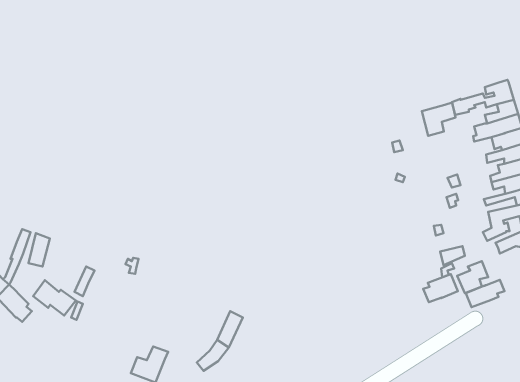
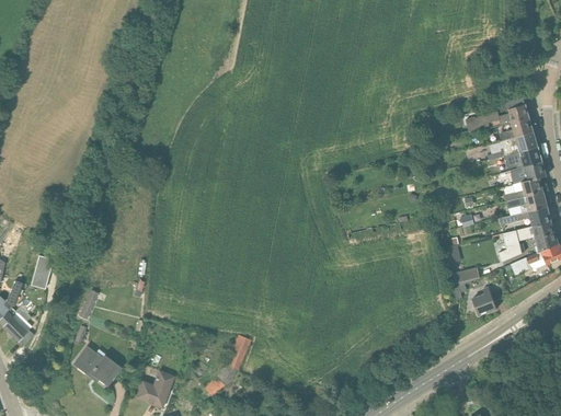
building: [422,103,455,136] -> none
building: [423,274,458,302] -> none
building: [466,280,504,307] -> none
building: [33,280,76,315] -> [75,348,118,384]

